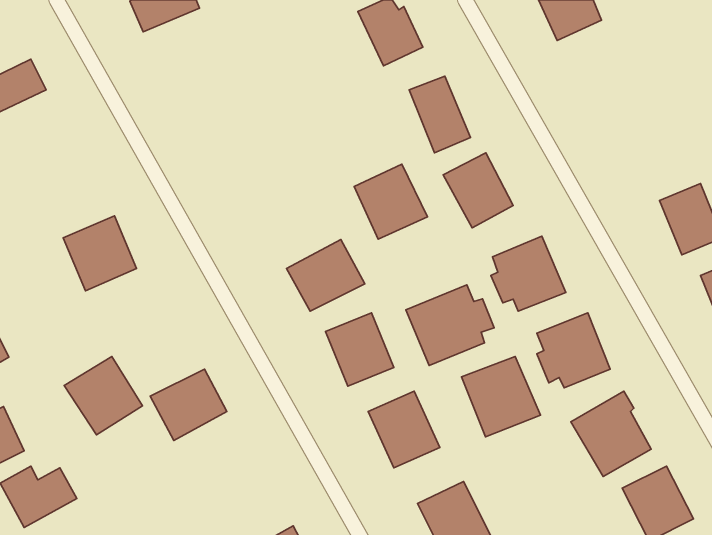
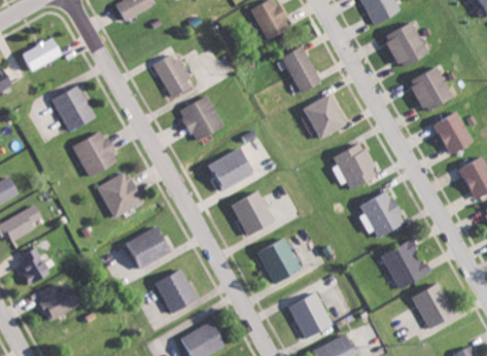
building: none -> [384,24,426,68]
building: none -> [153,52,190,99]
building: none -> [409,69,450,112]
building: none -> [54,87,93,131]
building: [354,164,427,239] -> [179,97,223,142]
building: [406,285,494,365] -> none
building: [64,357,143,435] -> [95,170,142,217]
building: [462,357,541,437] -> none
building: none -> [154,269,197,313]

